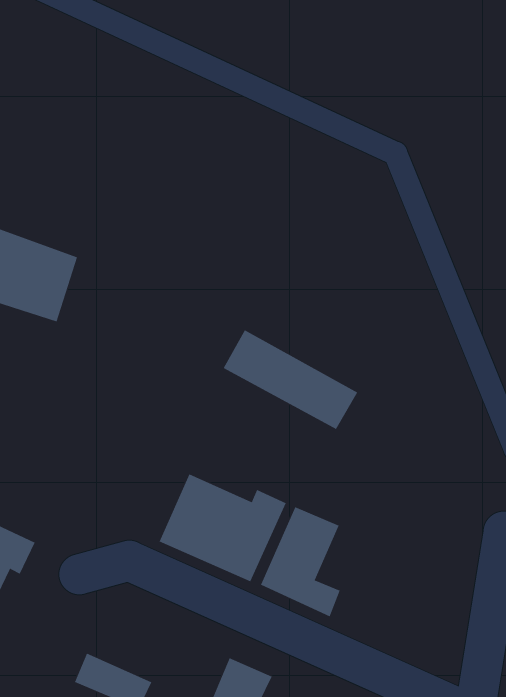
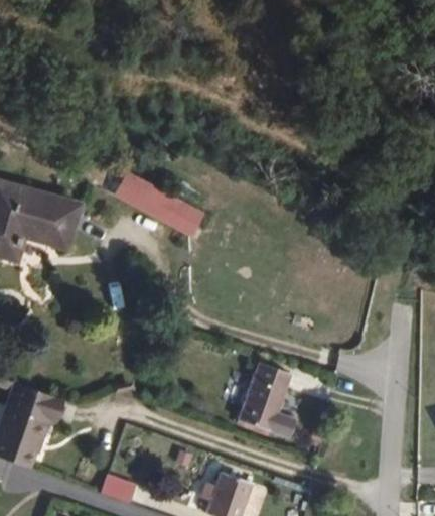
building: [223,329,358,430] -> [105,168,200,234]
building: [159,473,287,582] -> none

